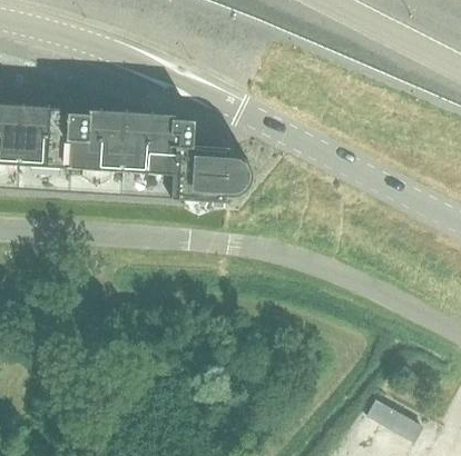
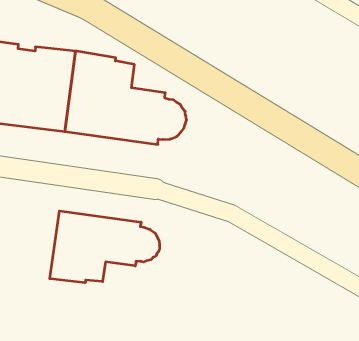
building: none -> [50,211,160,283]

